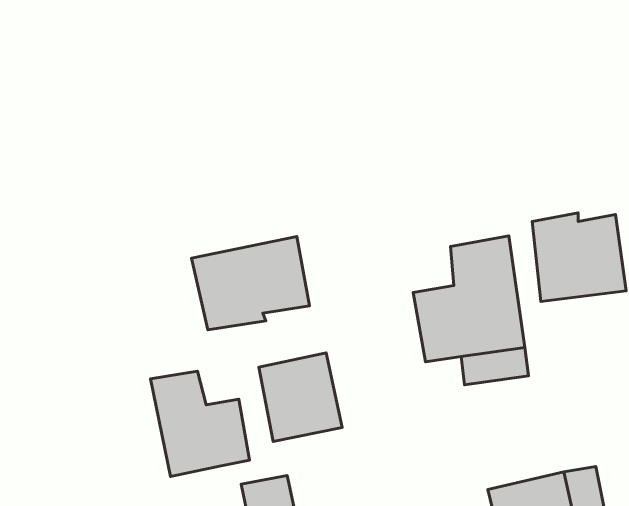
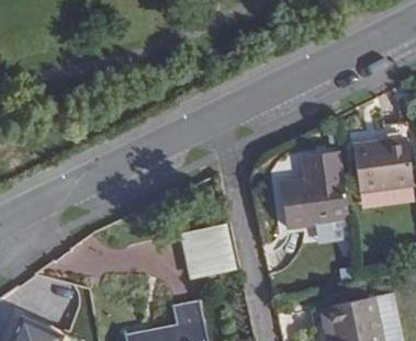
building: [192,237,310,330] -> none
building: [150,371,249,476] -> none

